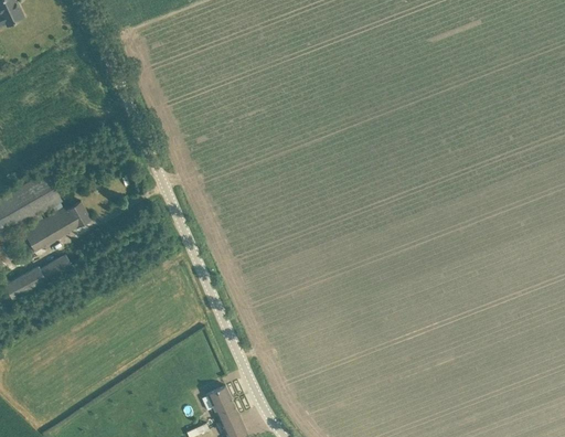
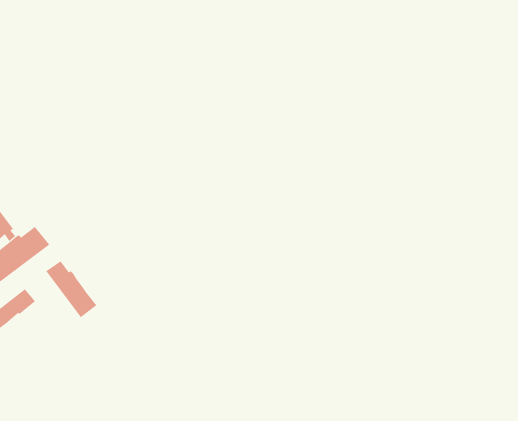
building: none -> [45,260,97,318]

